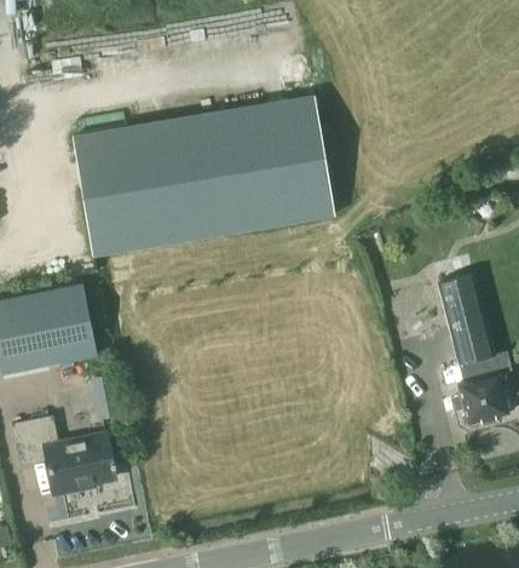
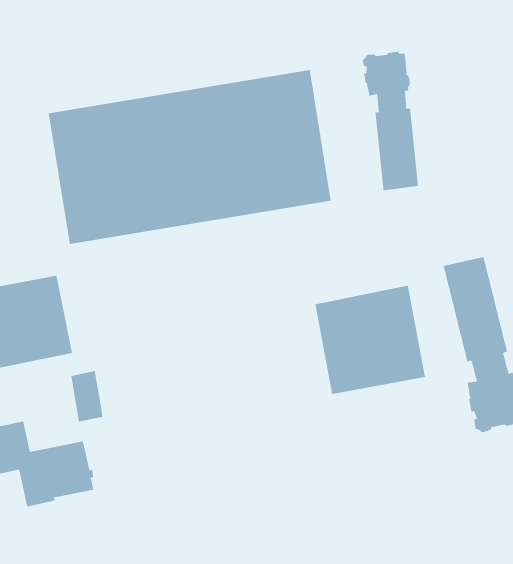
building: none -> [362,51,419,191]
building: none -> [315,285,426,395]

